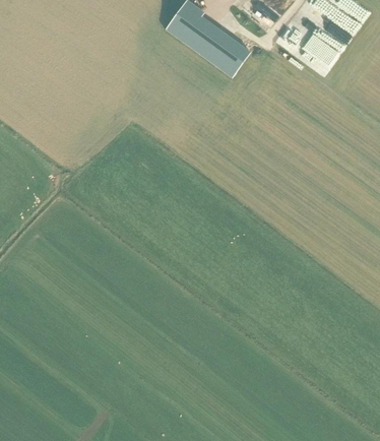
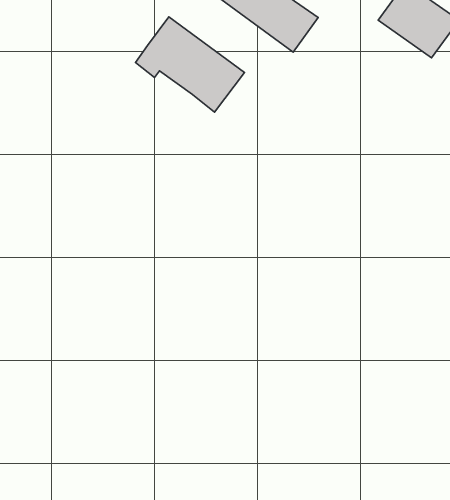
building: none -> [136,17,245,112]

